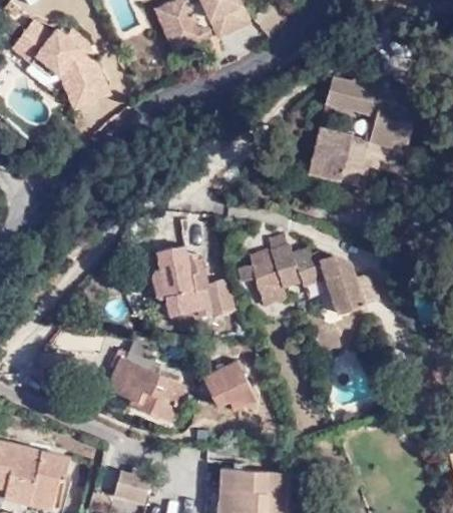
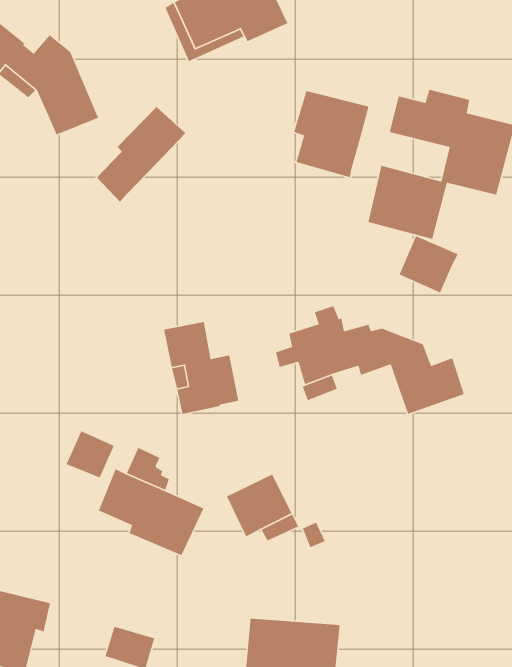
building: none -> [293,90,369,178]
building: none -> [96,106,186,203]
building: none -> [398,235,459,294]
building: none -> [66,430,115,479]

